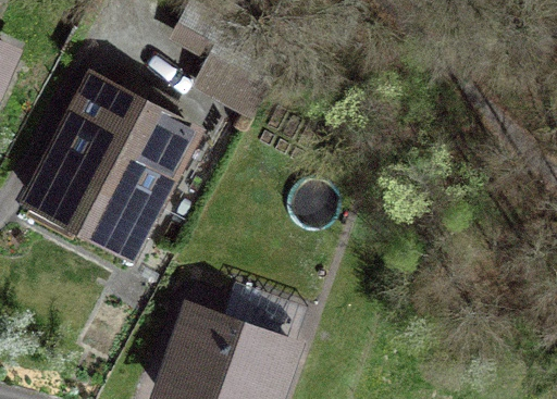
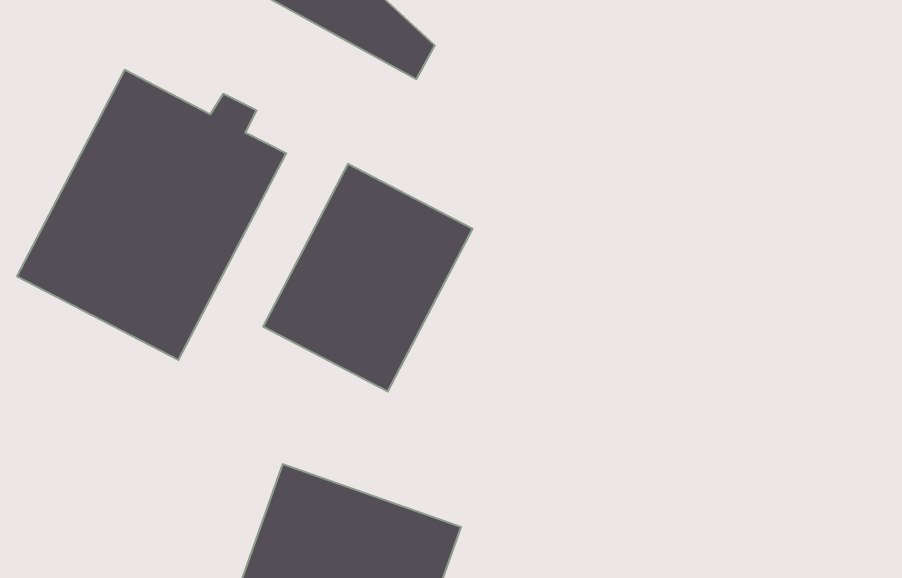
building: none -> [263,164,473,392]

